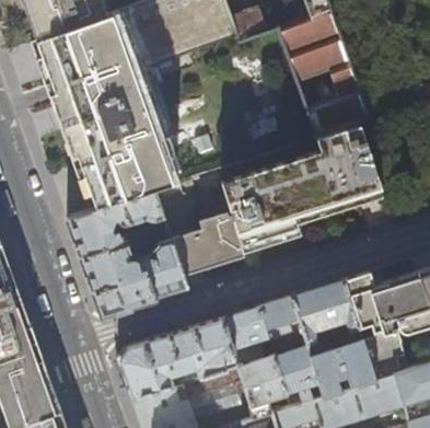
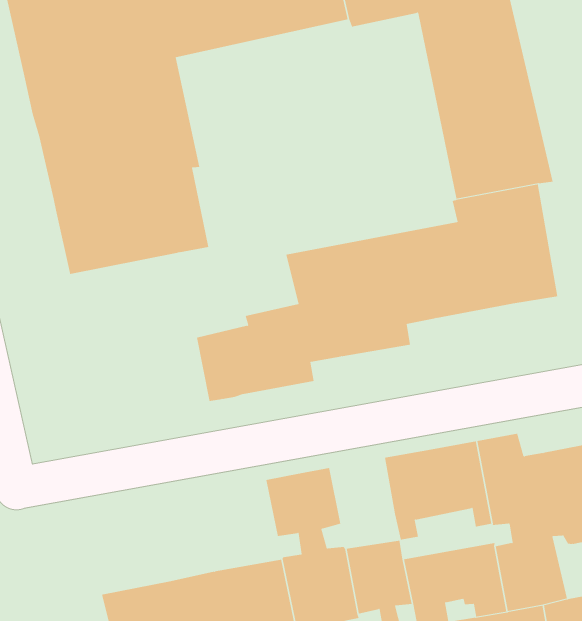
building: [67,190,186,313] -> none
building: [258,298,300,342] -> none
building: [117,320,236,400] -> none

